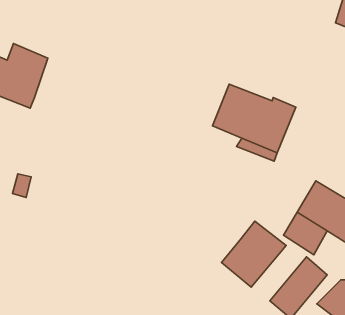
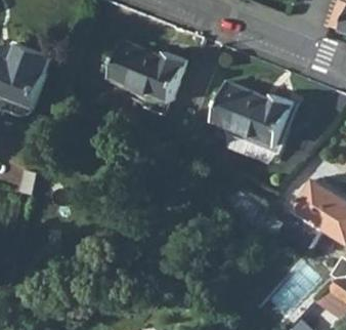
building: none -> [110,43,186,106]
building: [222,221,286,287] -> none

